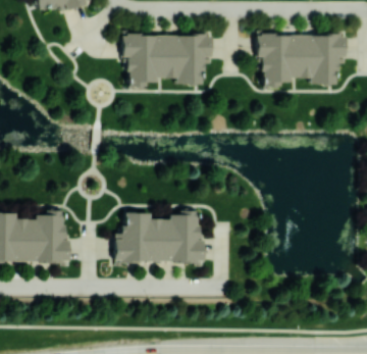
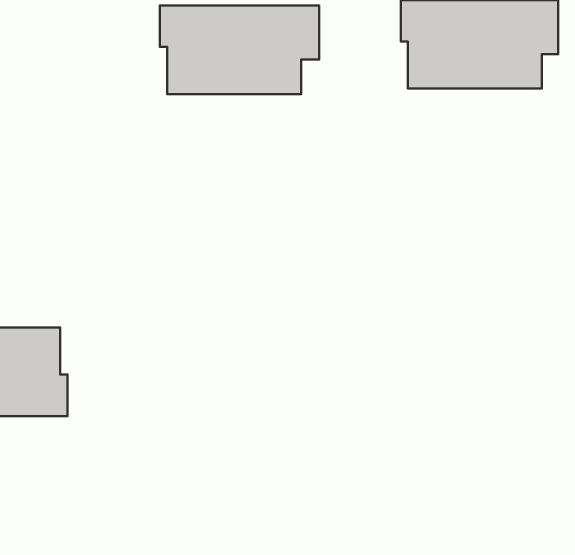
building: [114,215,204,265] -> none

